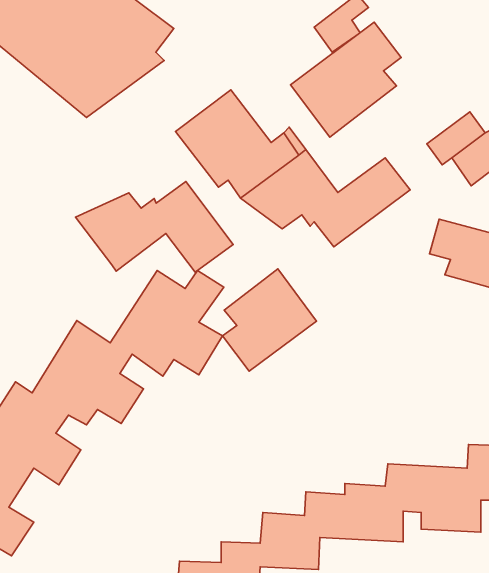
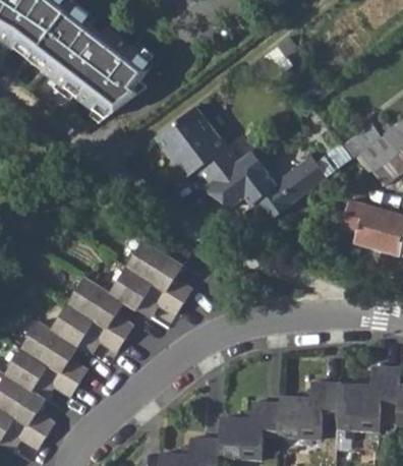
building: [290,22,401,137] -> none
building: [76,181,233,272] -> none
building: [223,269,317,371] -> none

